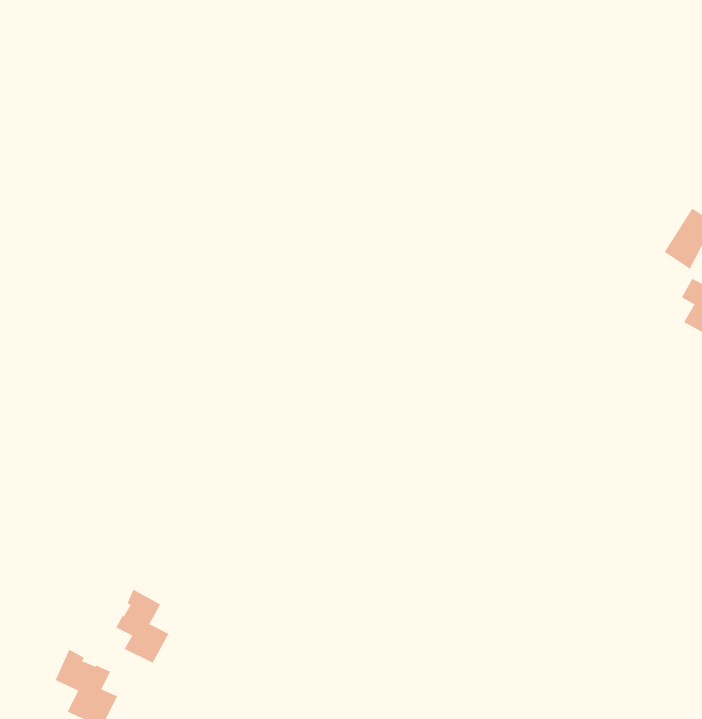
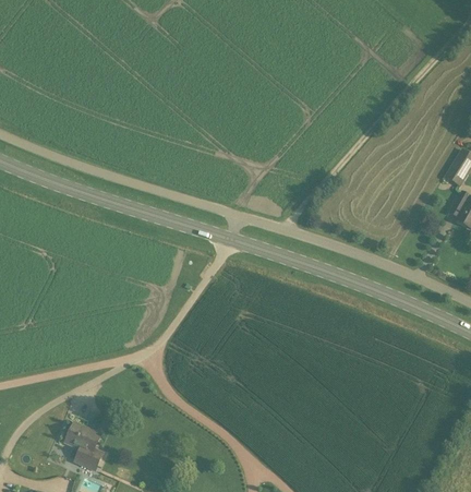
building: [115,589,169,664] -> none

